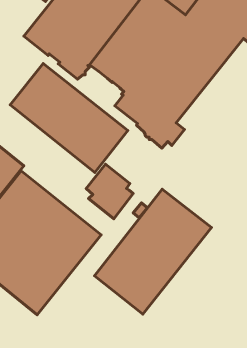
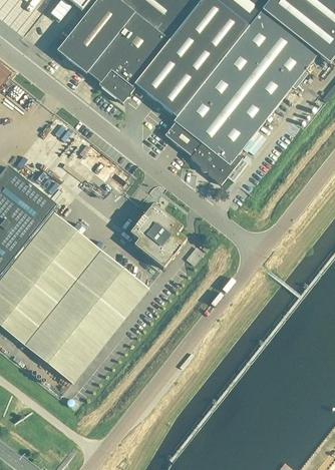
building: [10,63,128,173] -> none
building: [94,189,211,314] -> none

